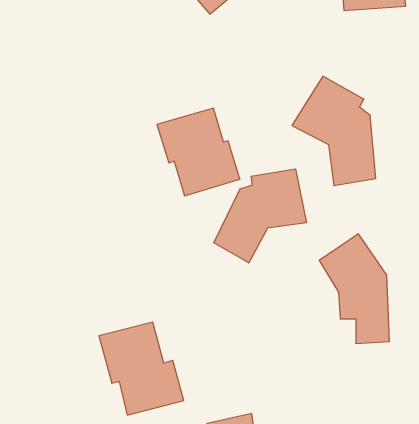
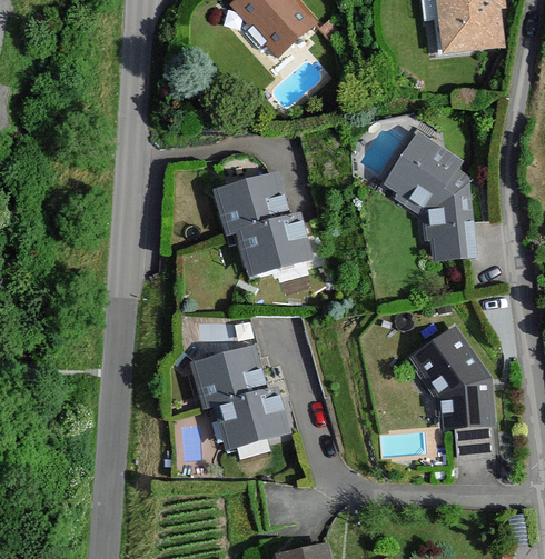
building: [214,169,306,263] -> none
building: [99,322,184,415] -> [188,337,291,450]

